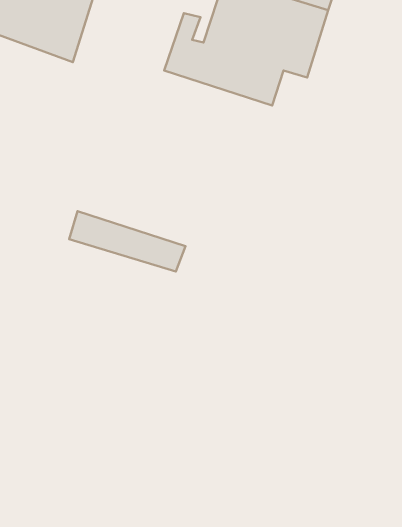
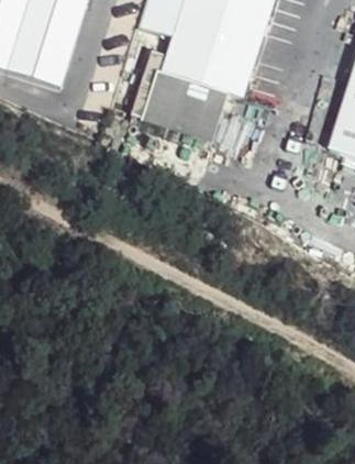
building: [69,211,186,271] -> [129,95,220,142]

